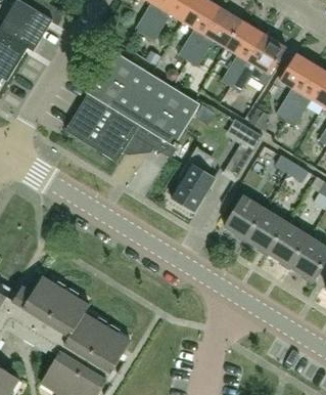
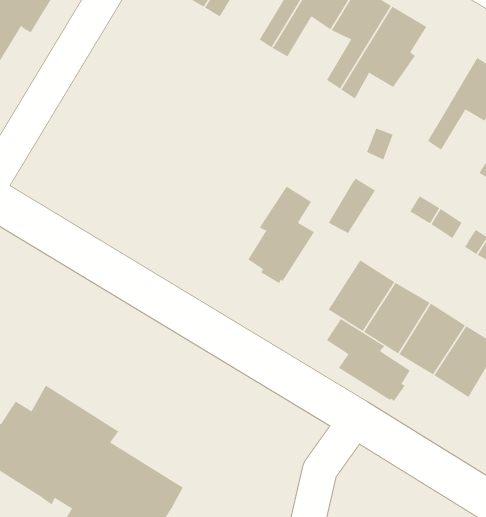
building: [65,51,198,162] -> none
building: [276,53,318,120] -> none
building: none -> [326,318,410,402]

